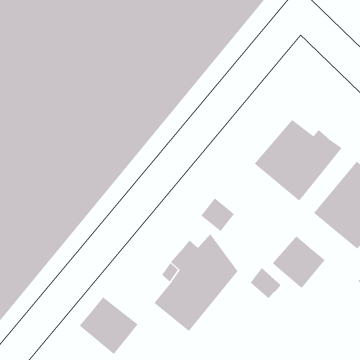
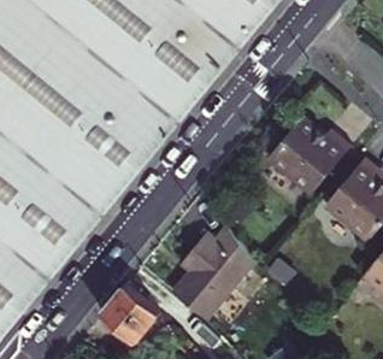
building: [272,236,326,289] -> none

